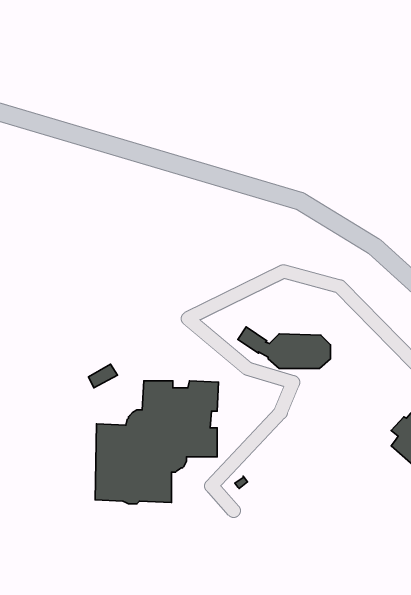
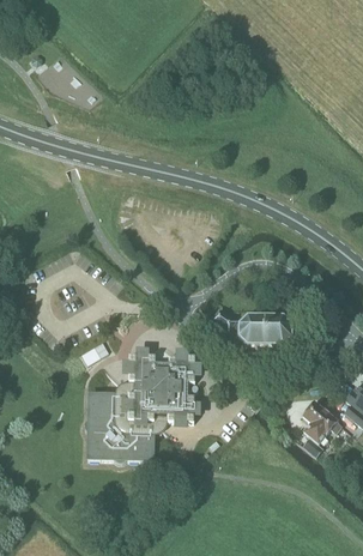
building: none -> [302,401,341,457]

